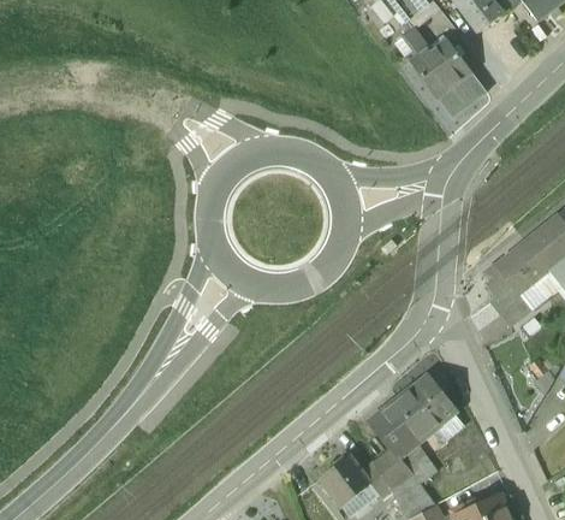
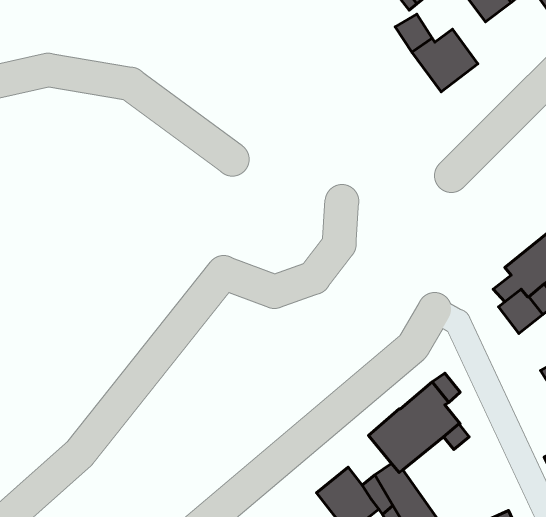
building: [438,71,487,117] -> none

